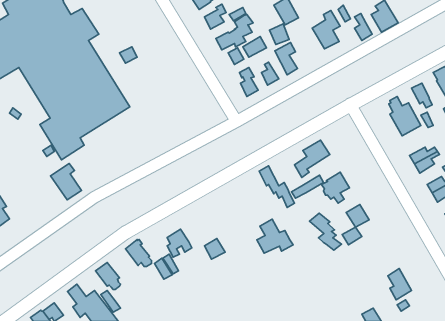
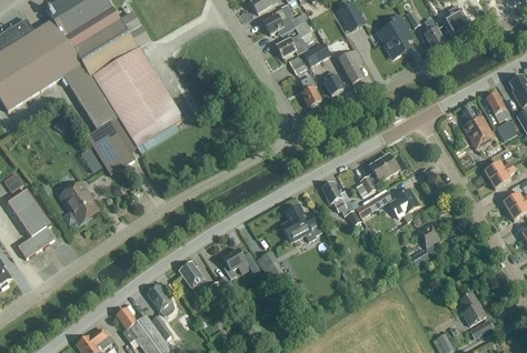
building: [51,163,82,200] -> [61,182,95,221]
building: [309,213,341,250] -> none
building: [257,219,293,253] -> [282,204,321,241]

